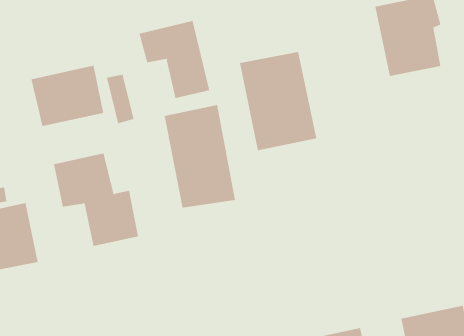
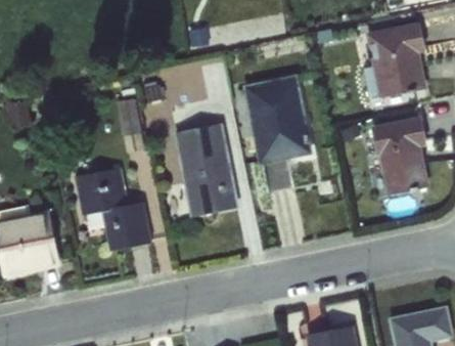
building: [139,20,210,99] -> none
building: [31,65,104,127] -> none
building: none -> [370,116,428,196]

